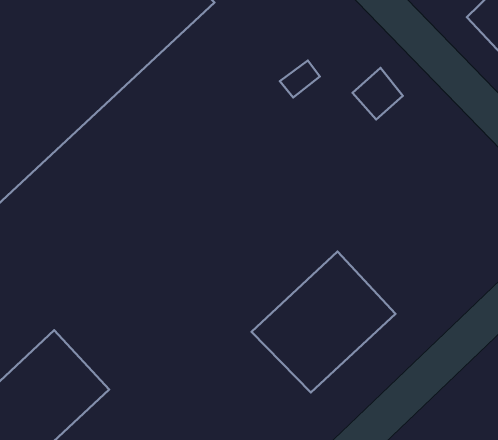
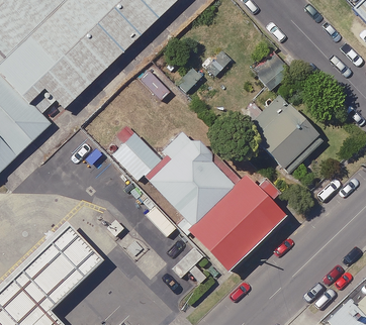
building: none -> [257,93,333,170]
building: none -> [124,126,245,221]

